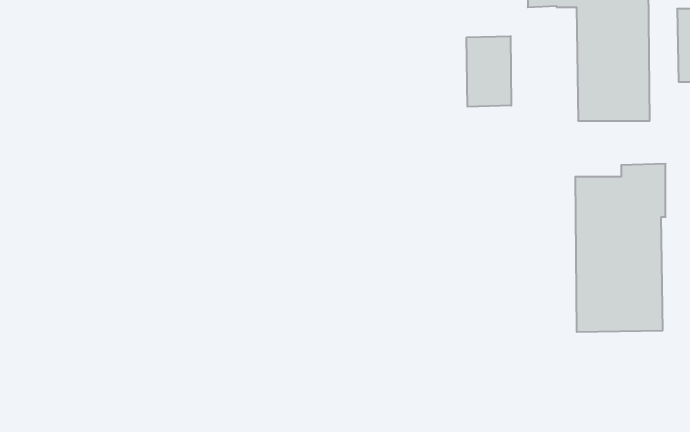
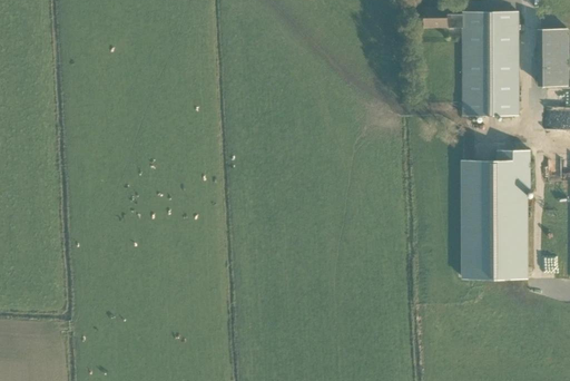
building: [467,36,511,107] -> none

